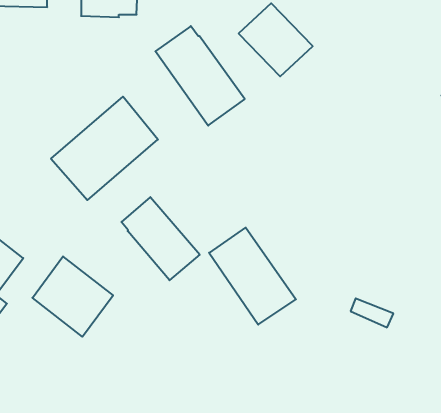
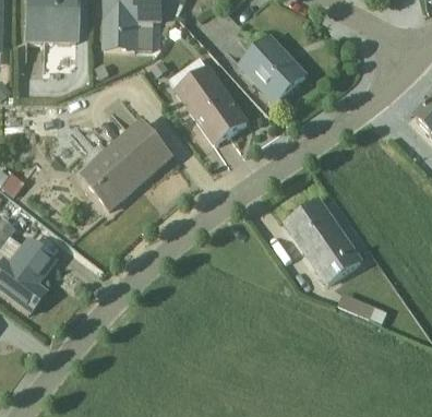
building: [121,197,200,280] -> none
building: [209,228,296,325] -> [288,199,363,283]
building: [32,256,113,337] -> none

